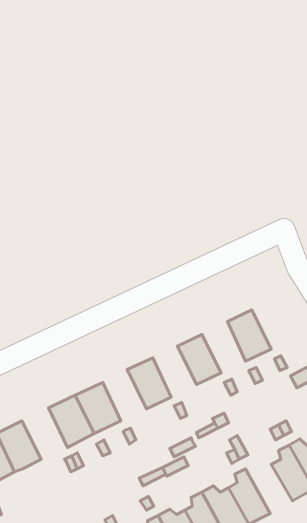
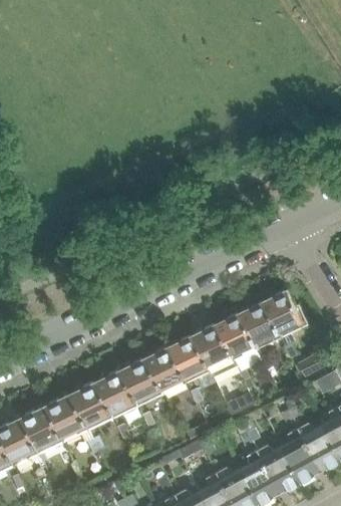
building: none -> [263,289,308,337]
building: none -> [216,311,257,359]
building: none -> [169,334,211,383]
building: none -> [122,356,163,405]
building: none -> [46,393,89,441]
building: none -> [257,444,301,492]

